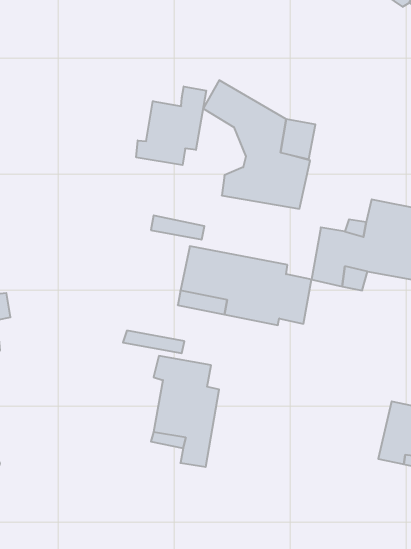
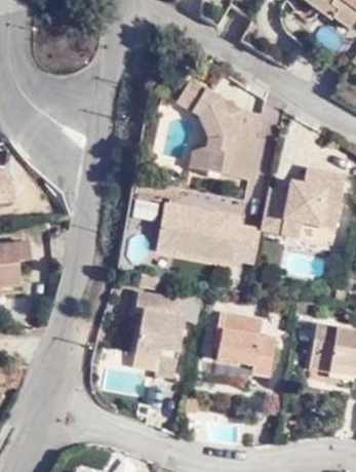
building: [136,86,206,165] -> none
building: none -> [217,311,281,376]

